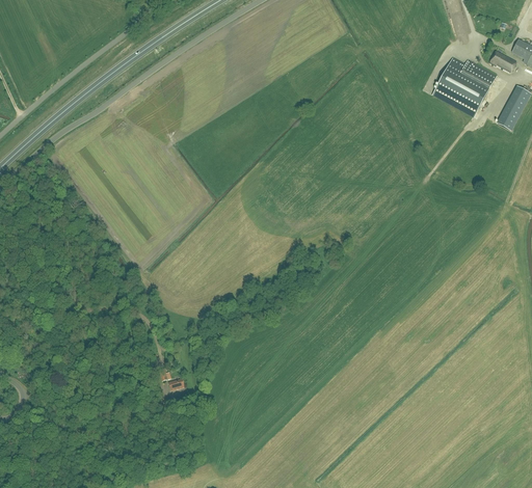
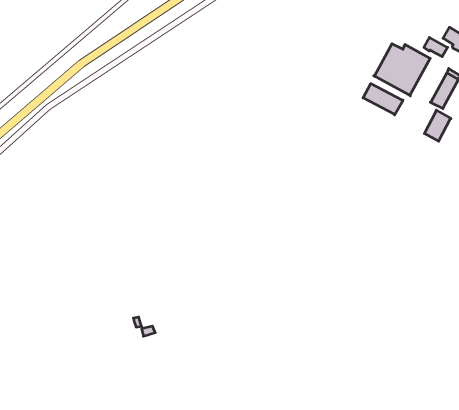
building: none -> [363,84,403,115]
building: none -> [424,110,451,141]

